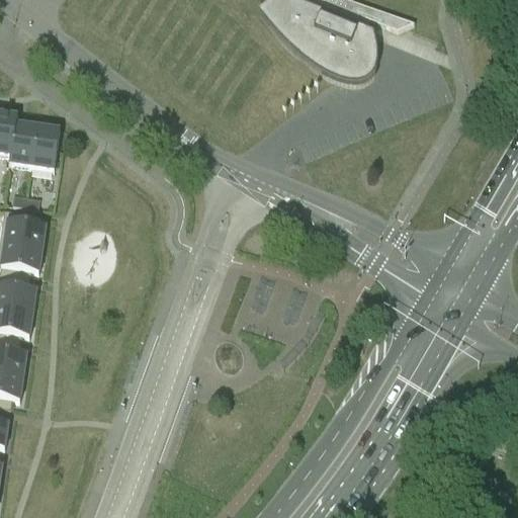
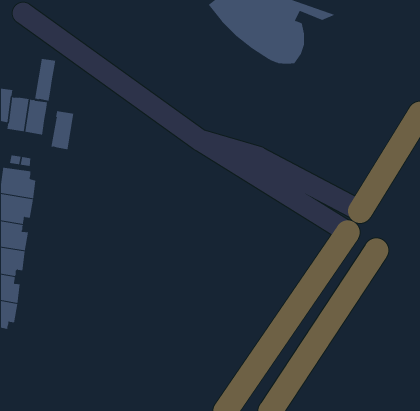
building: none -> [35,58,56,102]
building: none -> [51,110,74,150]

